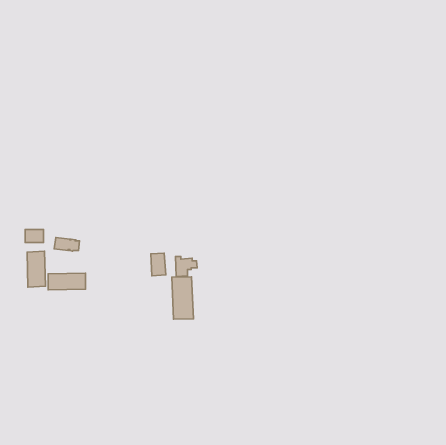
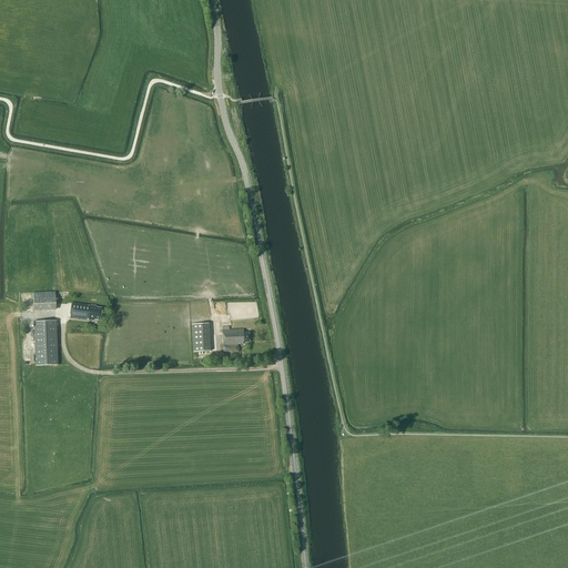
building: [48,273,86,290] -> none
building: [172,277,193,319] -> none

